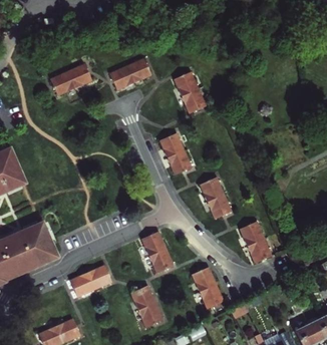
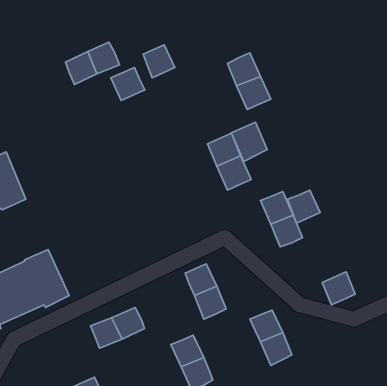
building: [126,58,152,83] -> [111,67,145,100]
building: none -> [231,122,267,161]
building: [240,222,265,247] -> [287,190,320,223]

